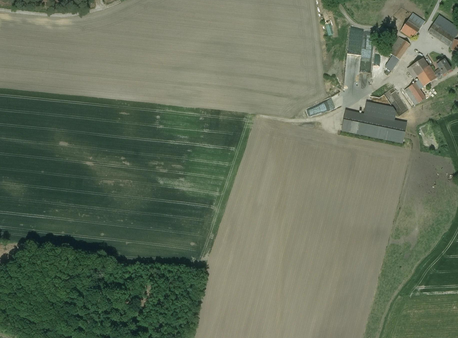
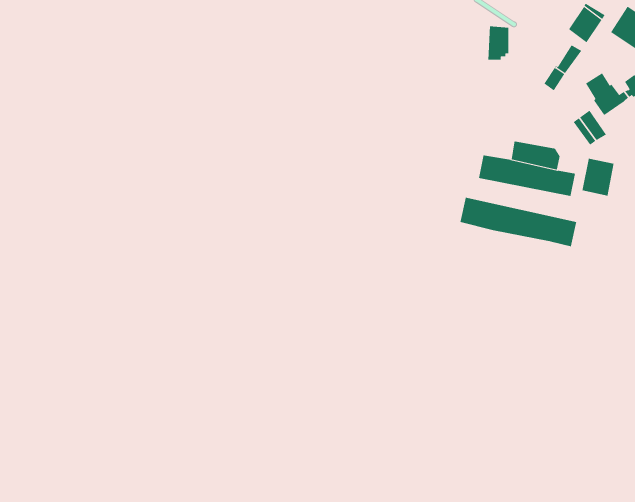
building: none -> [582,158,614,196]
building: none -> [460,197,577,247]

